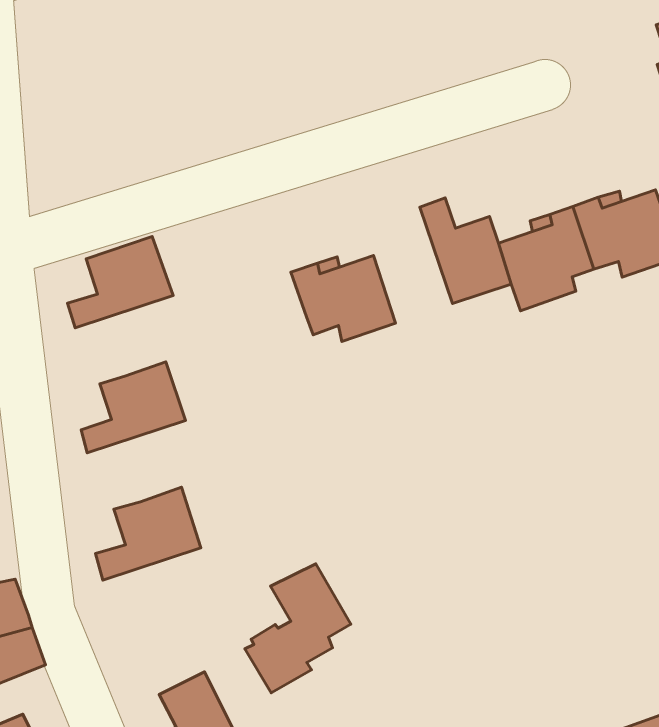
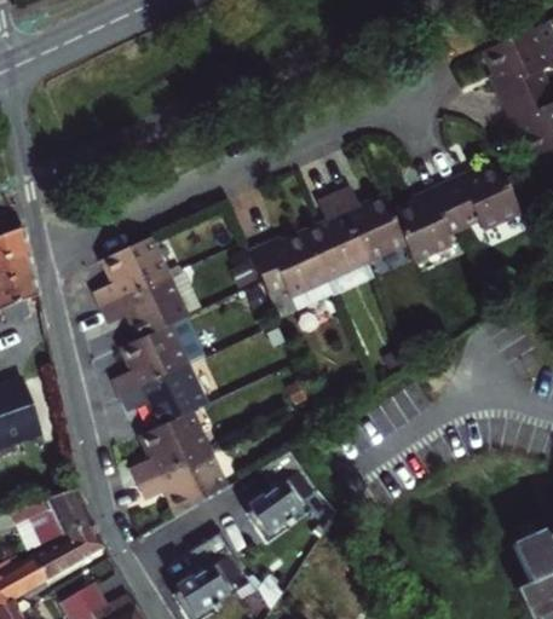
building: none -> [305,196,364,279]
building: none -> [100,277,184,337]
building: none -> [119,364,203,424]
building: none -> [139,452,221,513]

